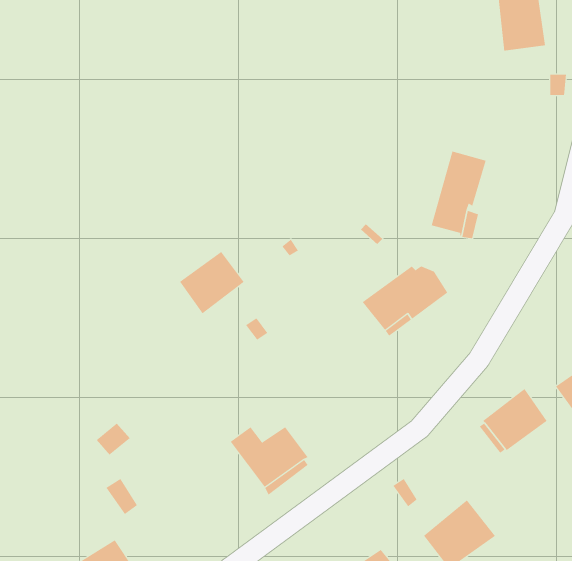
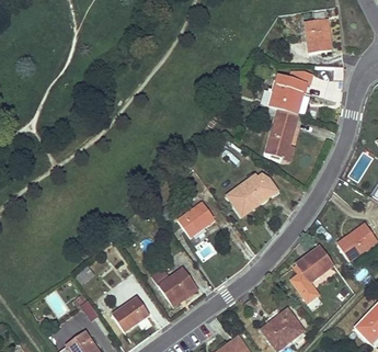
building: none -> [261,72,312,115]
building: [179,251,244,314] -> [177,202,215,238]
building: none -> [112,296,149,332]

